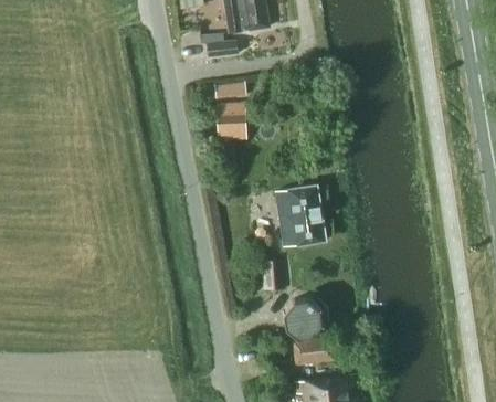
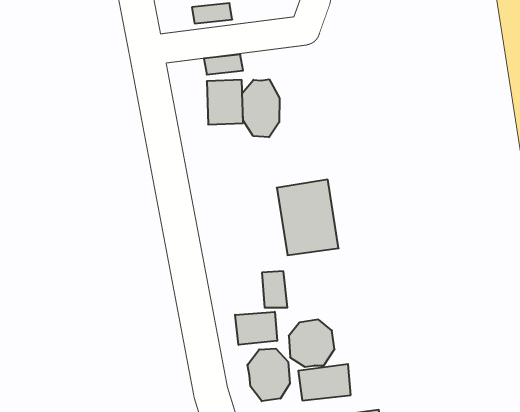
building: none -> [242,79,280,137]
building: none -> [235,312,277,345]
building: none -> [247,349,290,401]

